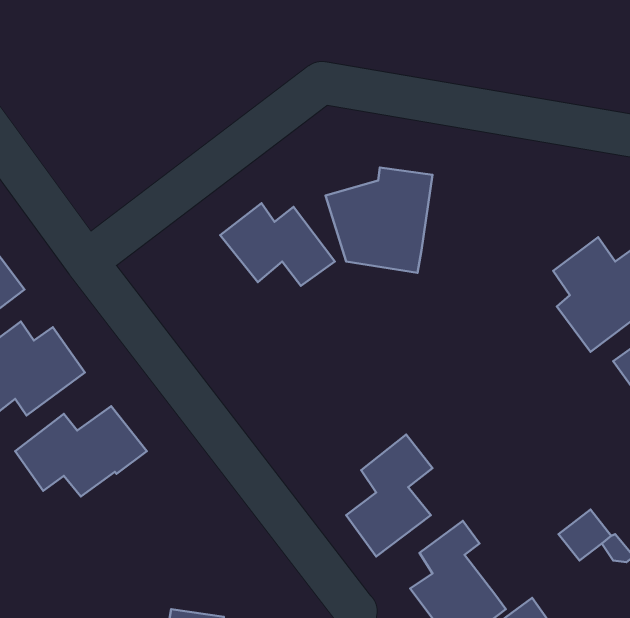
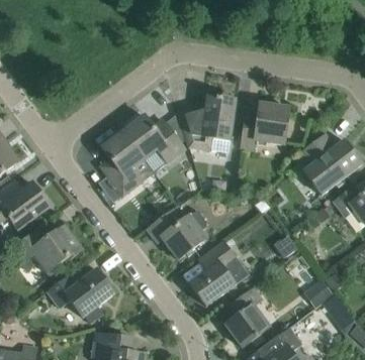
building: none -> [242,104,290,149]
building: none -> [100,132,143,193]
building: none -> [148,206,207,257]
building: none -> [48,267,115,316]

